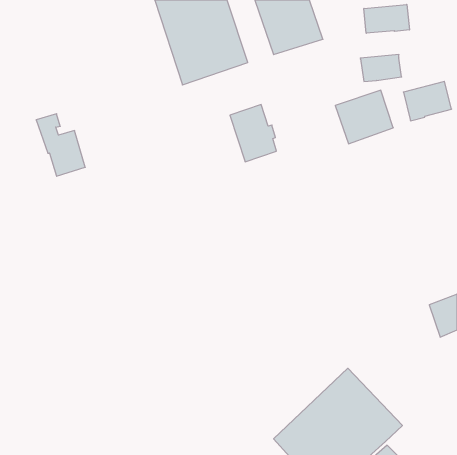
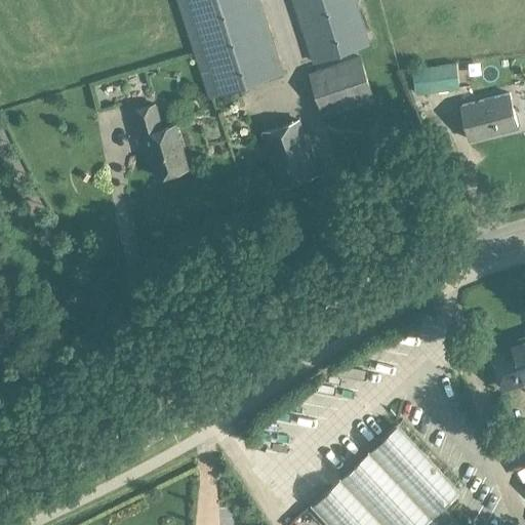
building: [364,4,409,33] -> none
building: [335,90,393,144] -> [309,56,375,118]
building: [36,114,85,176] -> [132,107,189,178]

